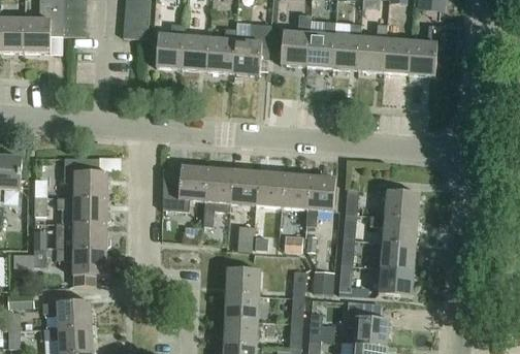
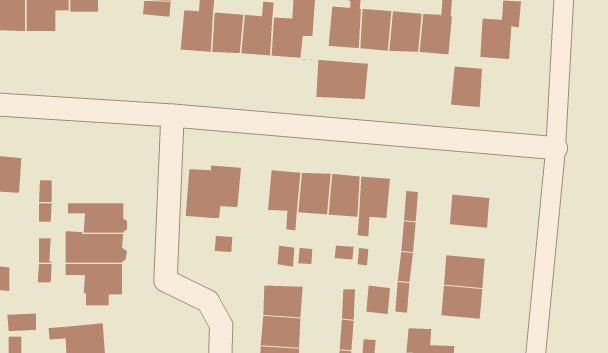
building: [384,39,412,74] -> [450,66,483,107]
building: none -> [301,58,369,100]
building: [59,157,107,198] -> none
building: [202,168,232,226] -> none
building: [369,215,417,246] -> none

